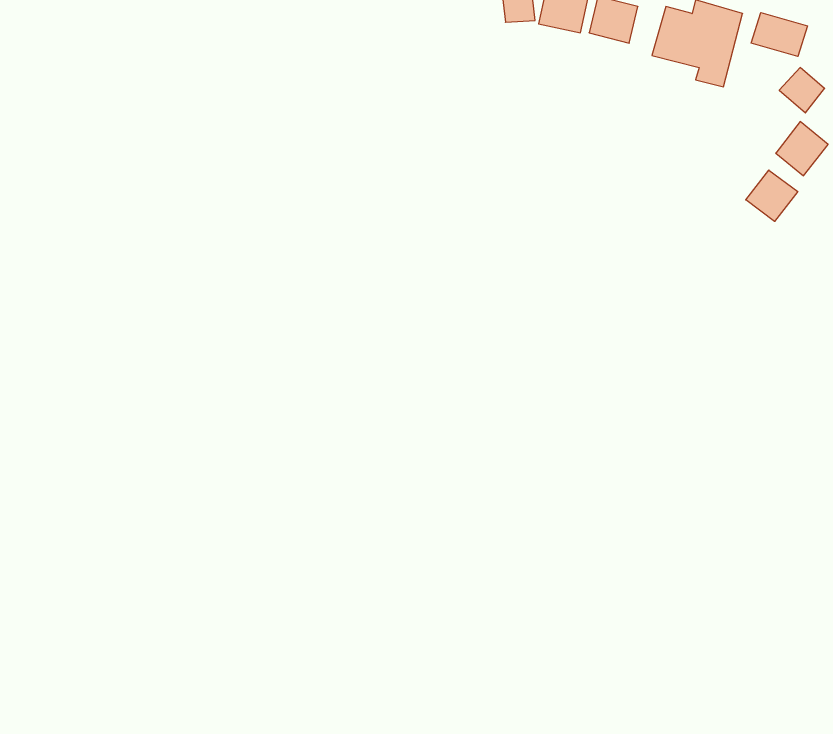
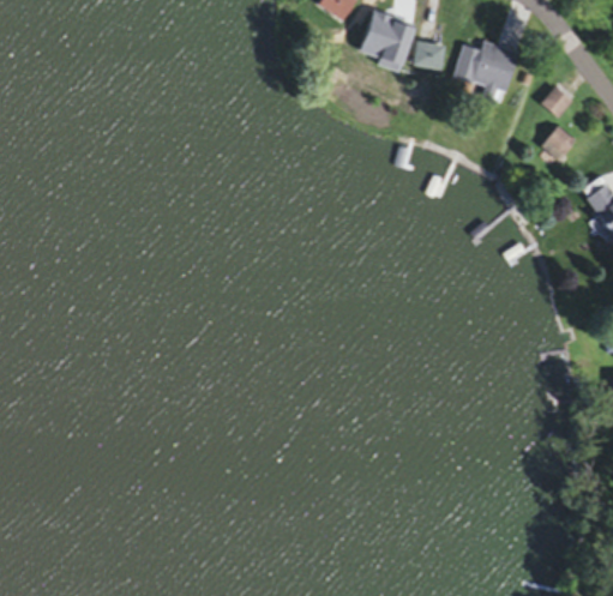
building: [751,13,808,56] -> none
building: [746,170,798,221] -> none

